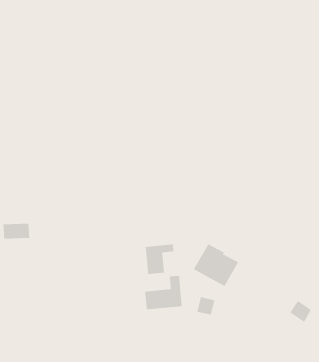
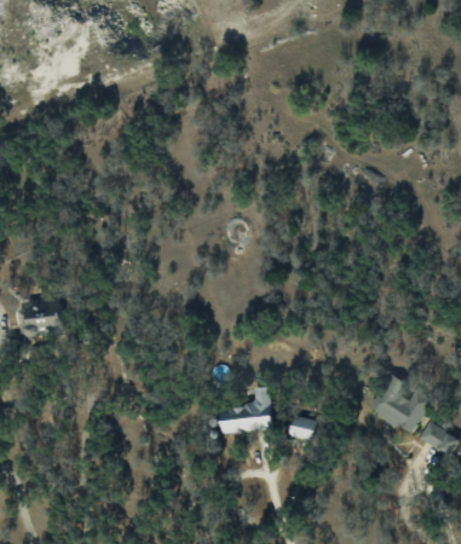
building: [145,243,174,275] -> none
building: [193,244,239,287] -> [369,375,432,434]

